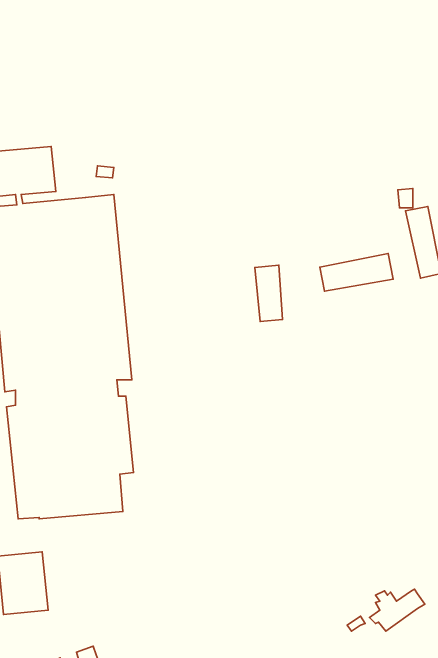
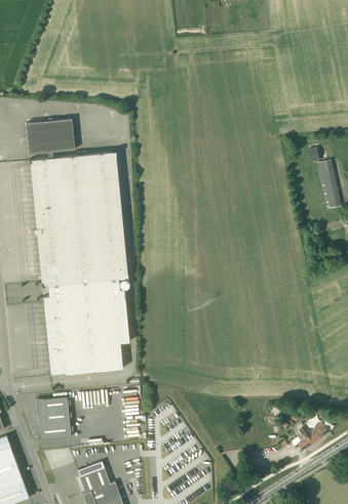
building: [320,253,393,291] -> none
building: [255,265,282,321] -> none

